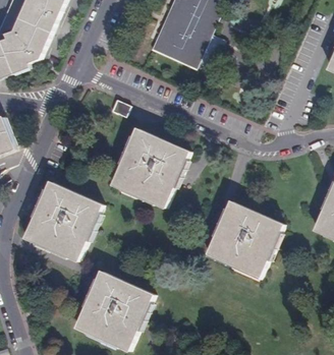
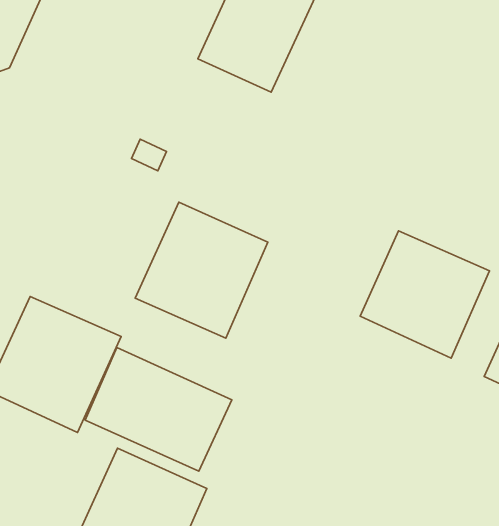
building: [209,205,284,280] -> [360,231,489,358]
building: none -> [85,347,232,471]

